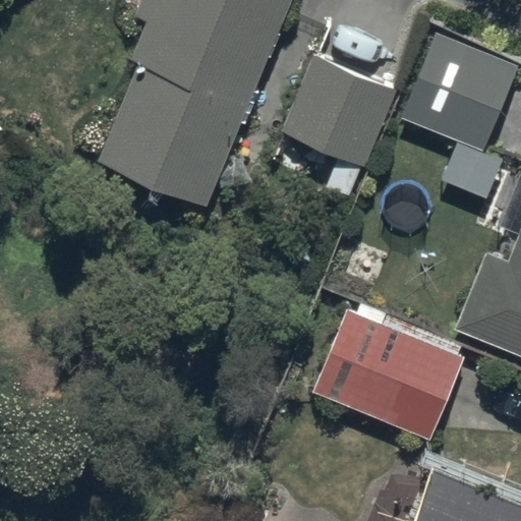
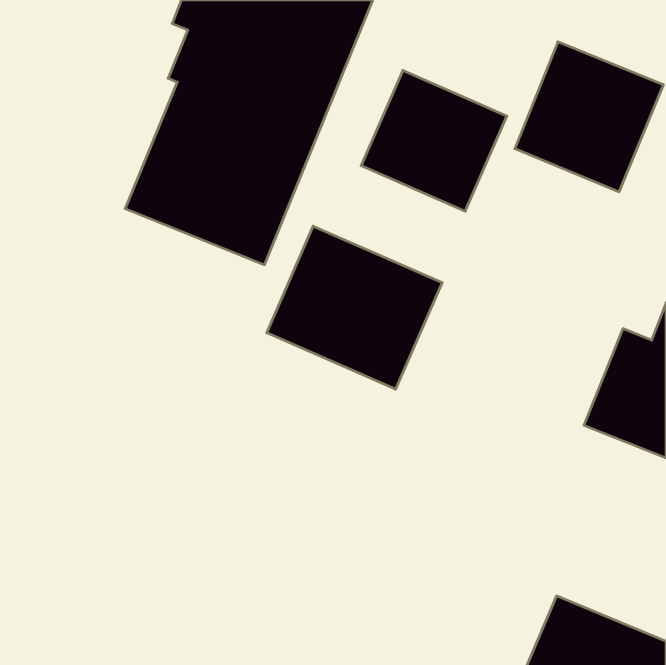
building: none -> [267,226,442,389]
building: [315,308,463,435] -> none

